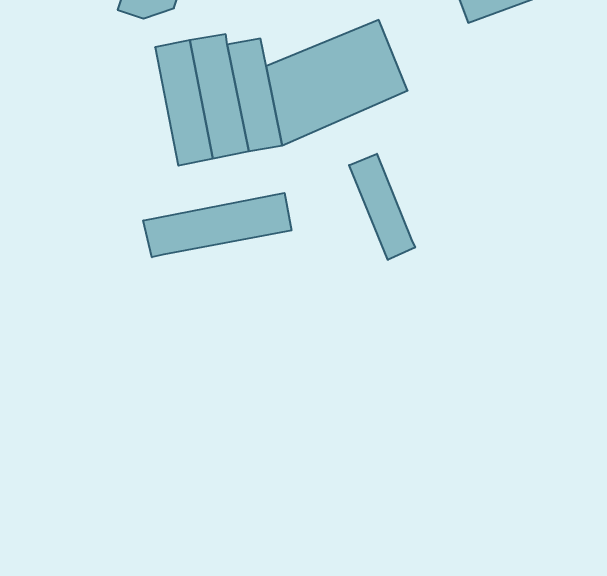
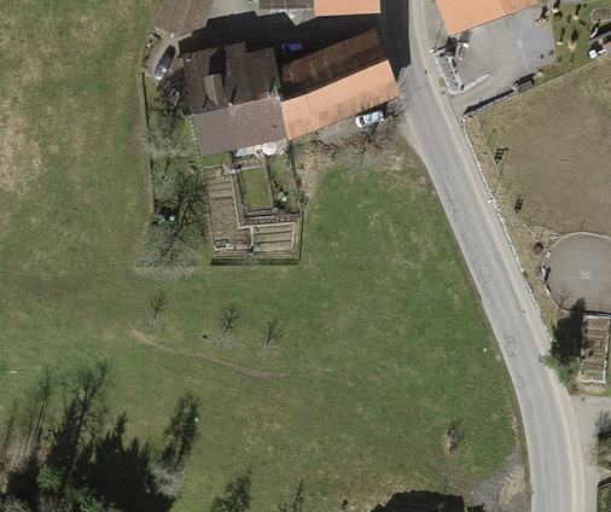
building: [349,154,415,260] -> none
building: [143,193,291,257] -> none

